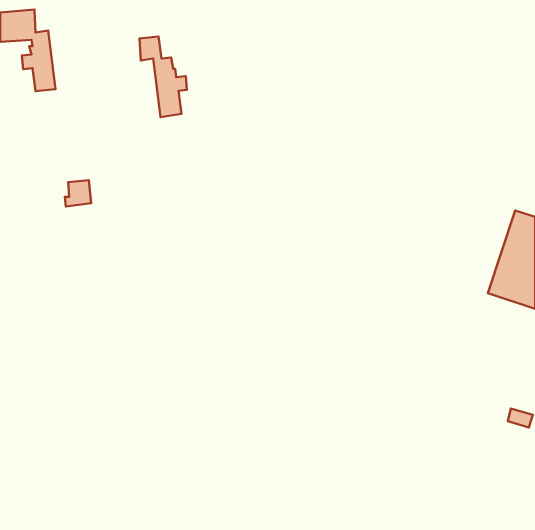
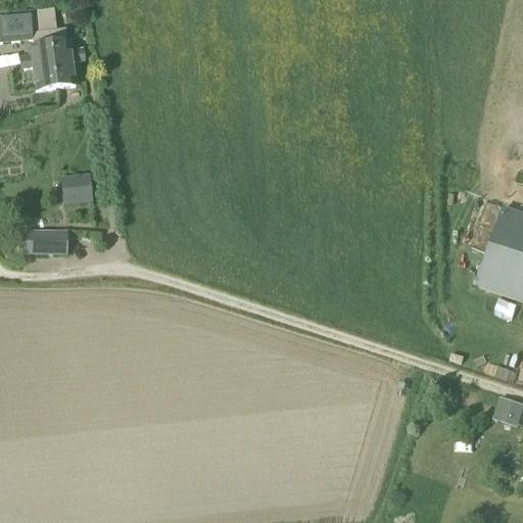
building: [140,36,187,117] -> [34,8,80,87]
building: none -> [19,231,65,252]

